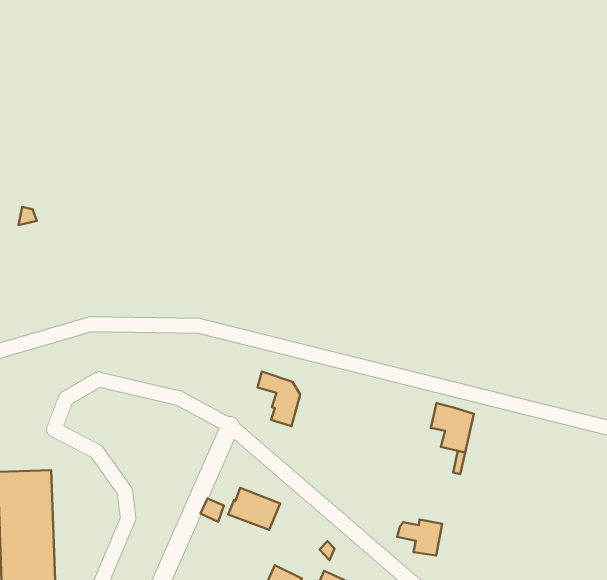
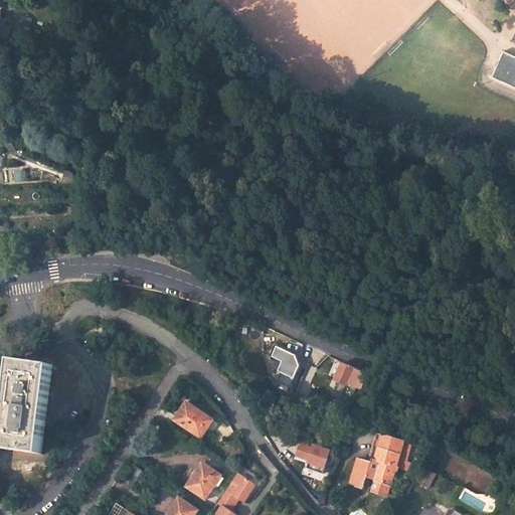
building: [258,372,300,426] -> [267,344,297,387]
building: none -> [346,433,409,493]

